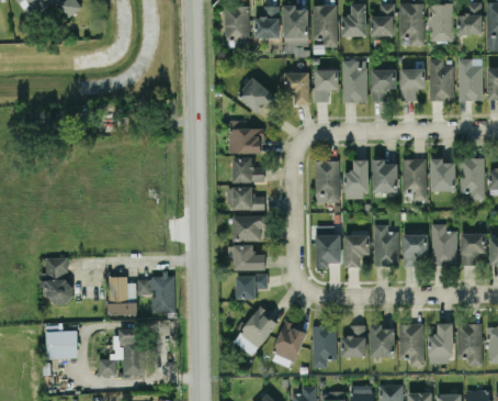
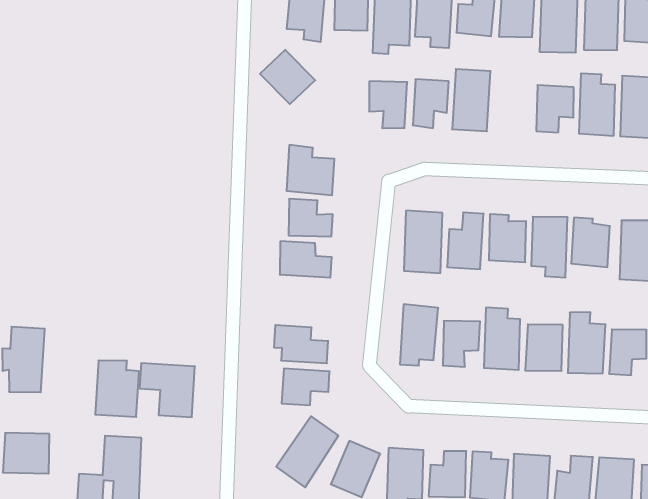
building: [371,68,396,101] -> none
building: [237,77,275,114] -> [260,50,315,104]
building: [233,214,263,241] -> none

